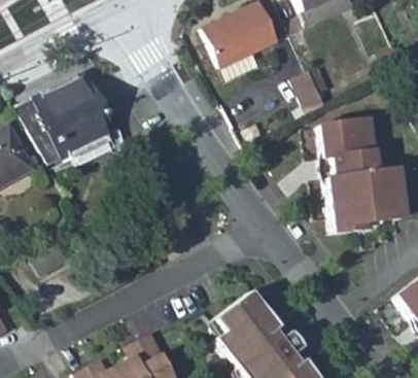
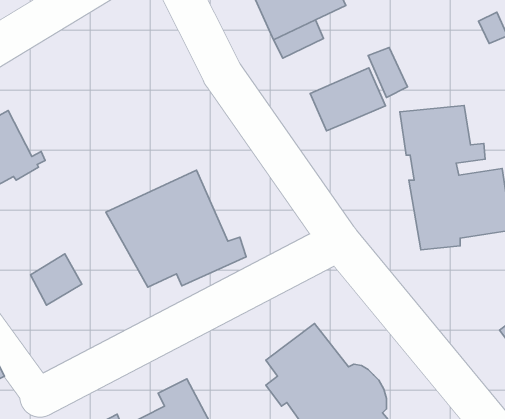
building: [14,73,125,165] -> [106,170,246,287]
building: none -> [310,68,386,131]

